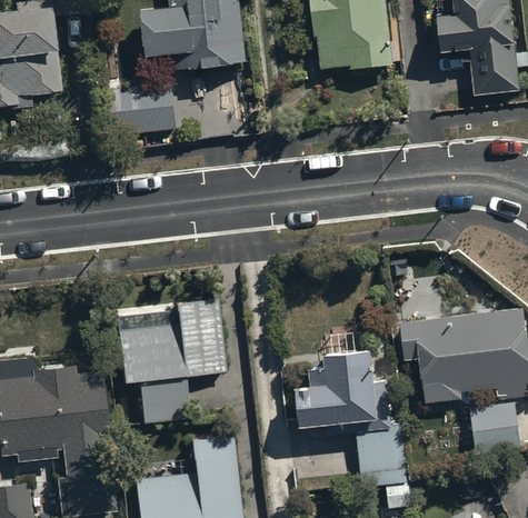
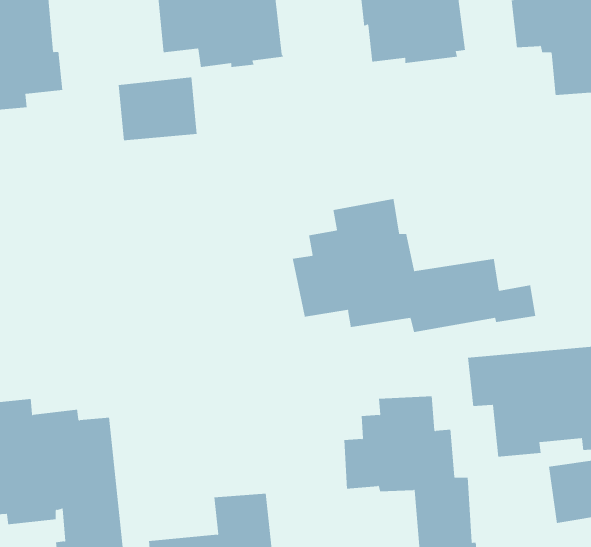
building: none -> [292,198,536,333]
building: [117,296,226,421] -> none

